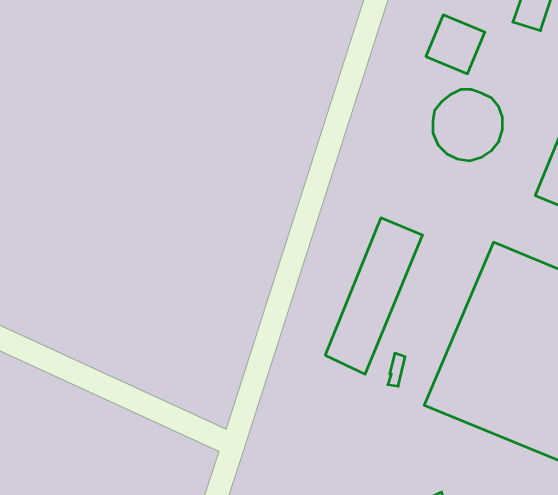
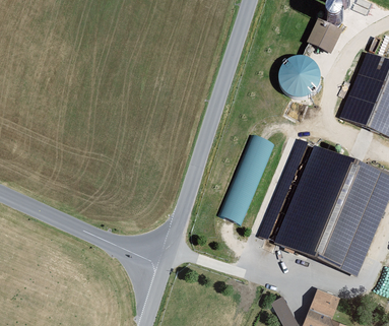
building: [426,15,485,74] -> [308,19,342,54]

